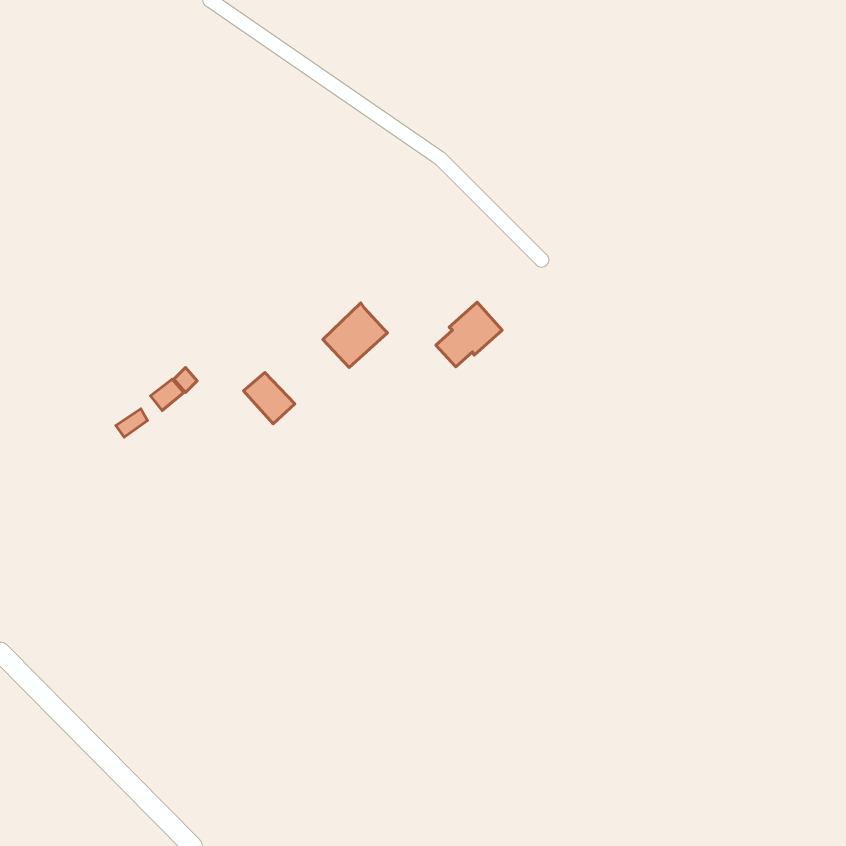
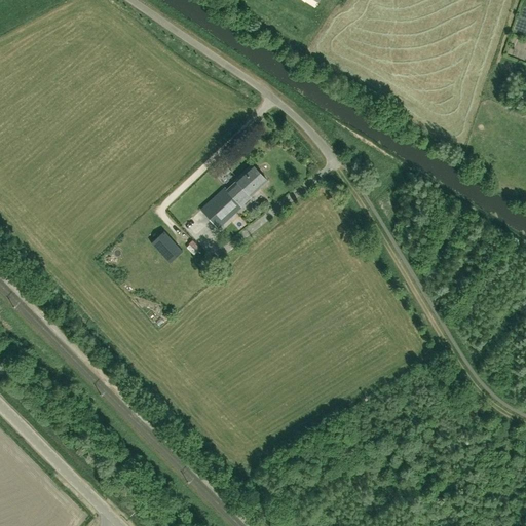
building: [436,302,502,367] -> [226,164,267,204]

